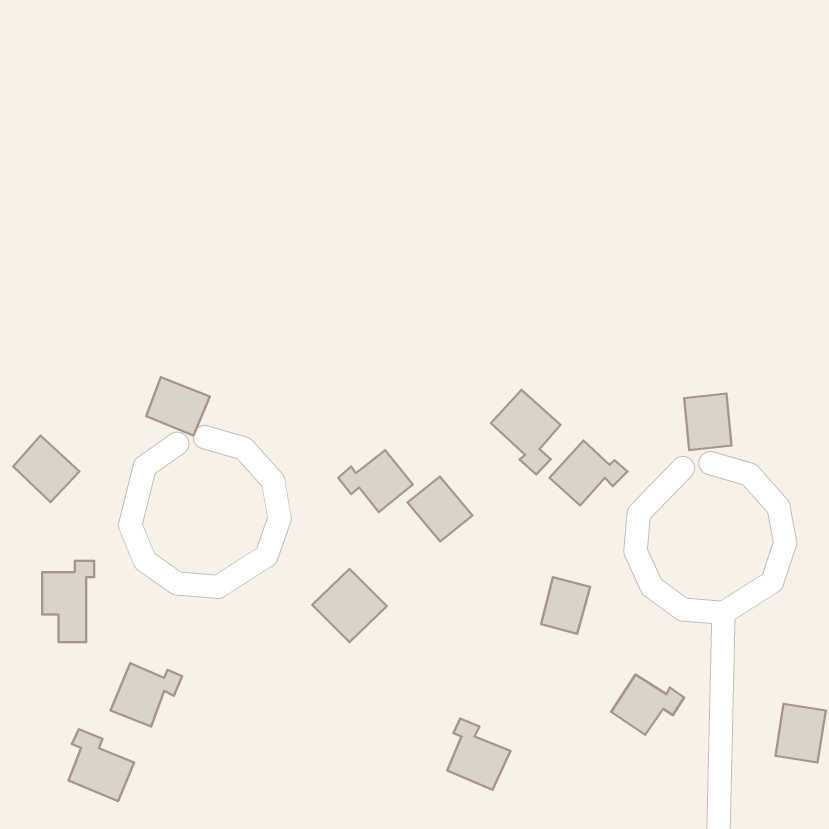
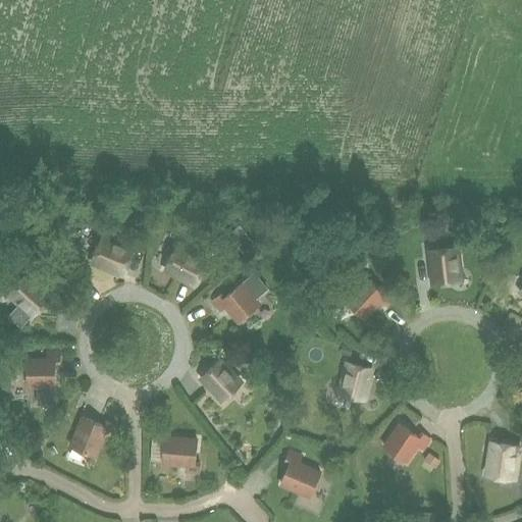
building: [491,390,560,475] -> none
building: none -> [164,246,206,284]
building: [408,476,472,541] -> none
building: none -> [162,436,199,473]
building: [69,729,134,801] -> none

